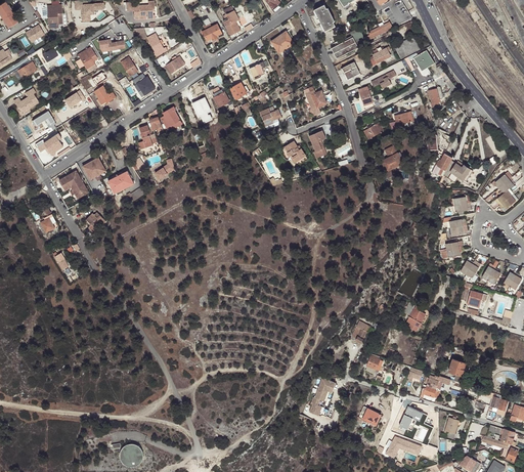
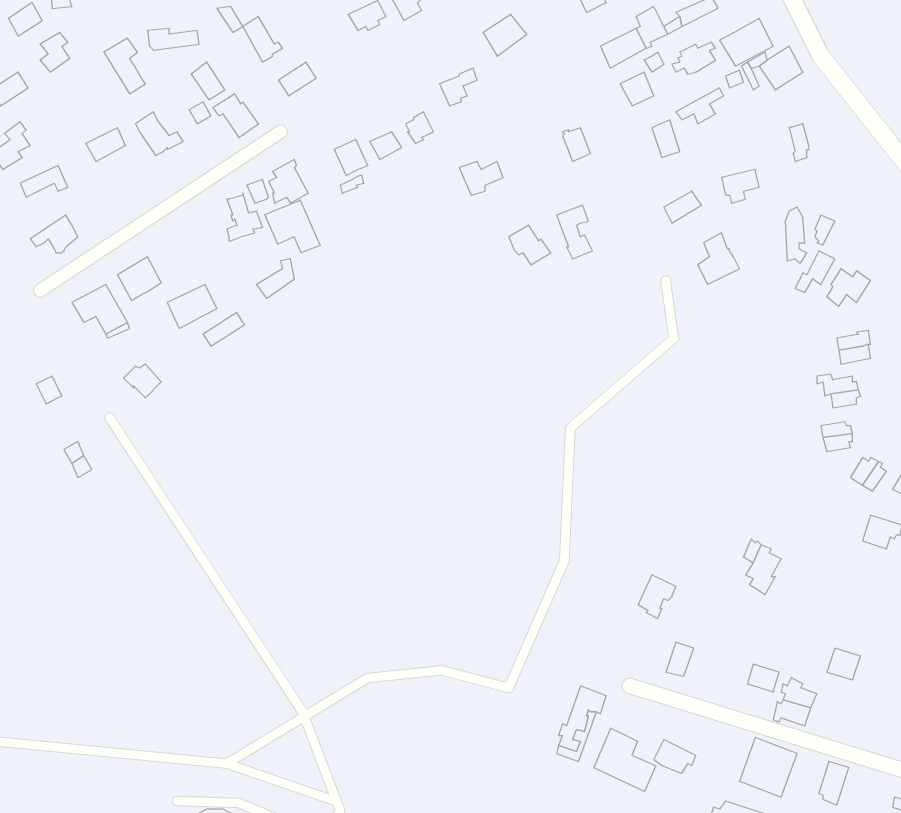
building: none -> [265,200,320,253]
building: none -> [594,728,656,792]

